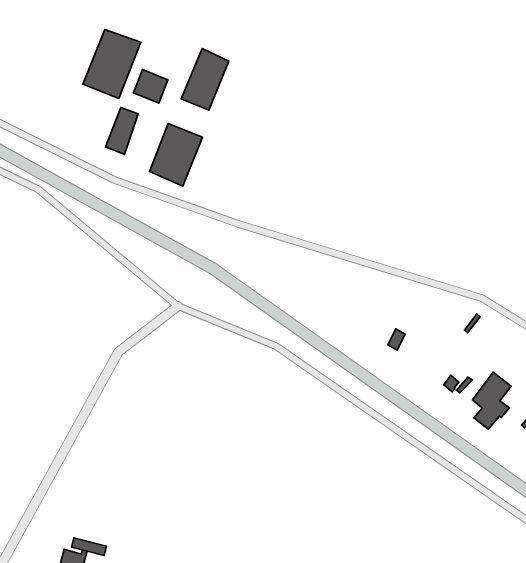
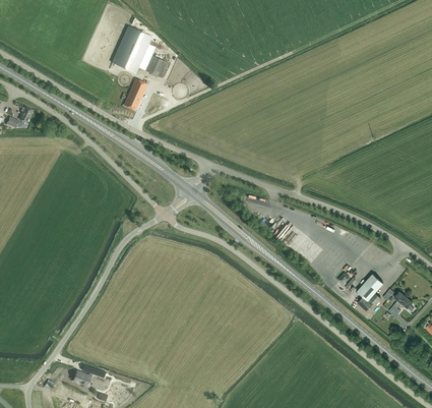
building: [181,49,229,110] -> none
building: [149,123,202,186] -> none

